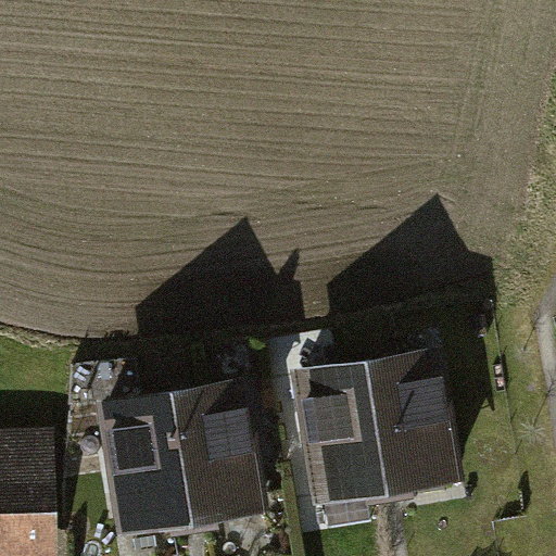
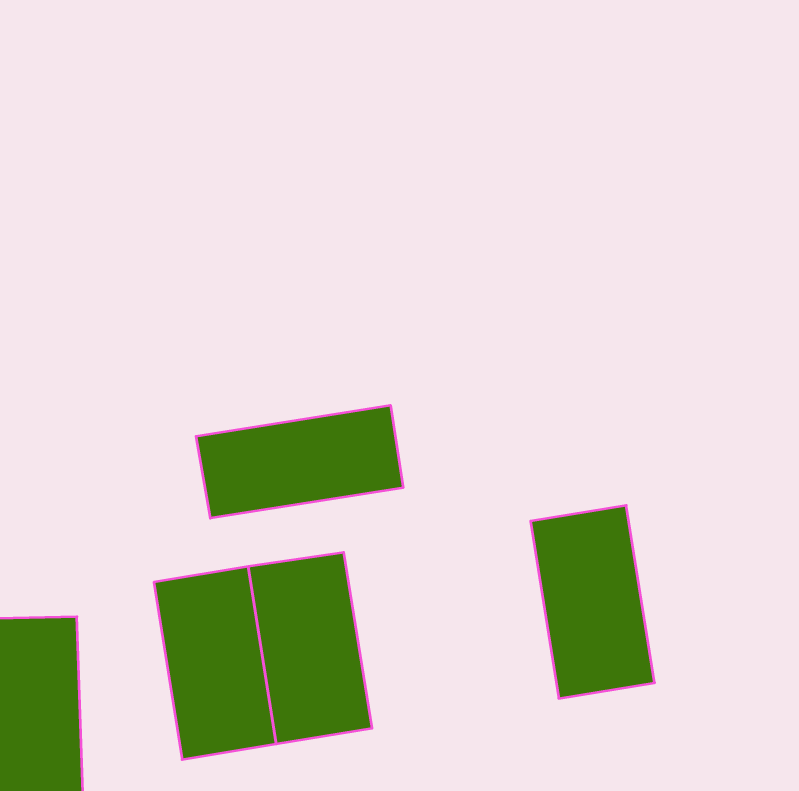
building: none -> [196,405,403,518]
building: [302,368,387,501] -> none

